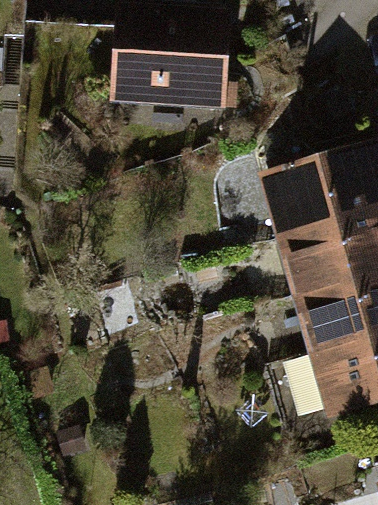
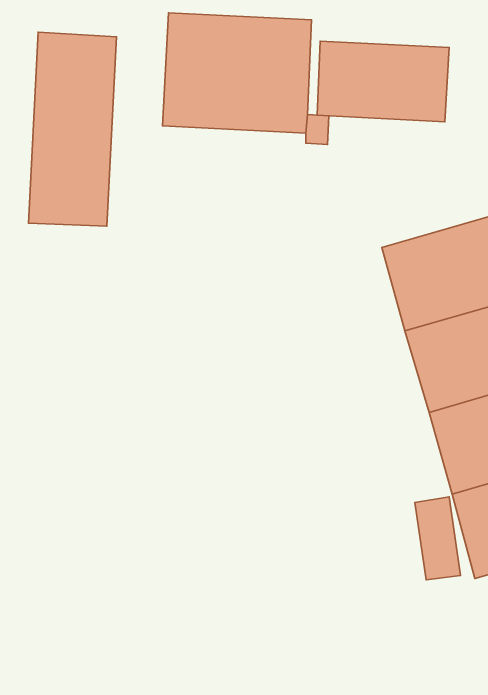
building: none -> [28,32,116,226]
building: none -> [317,41,449,122]

